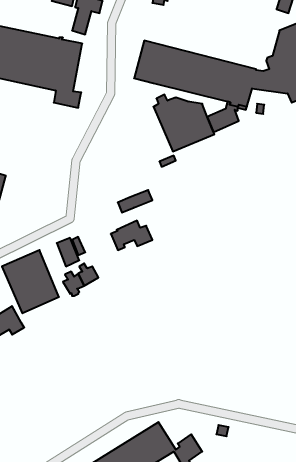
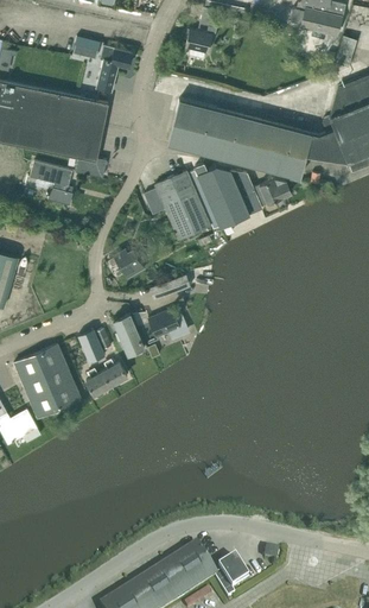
building: none -> [30,162,72,205]
building: none -> [145,172,210,240]
building: none -> [109,249,144,279]
building: none -> [114,315,145,355]

